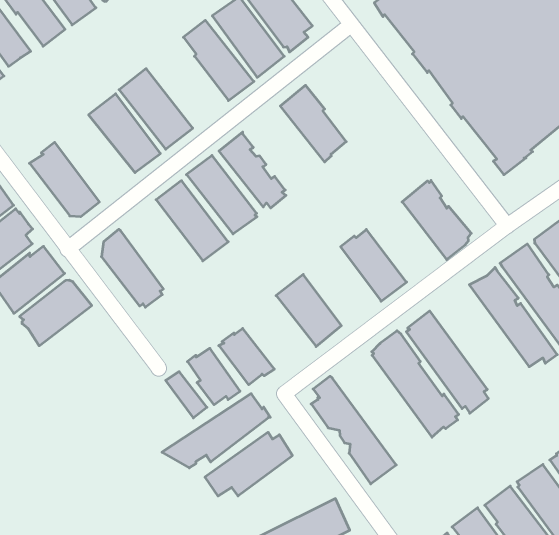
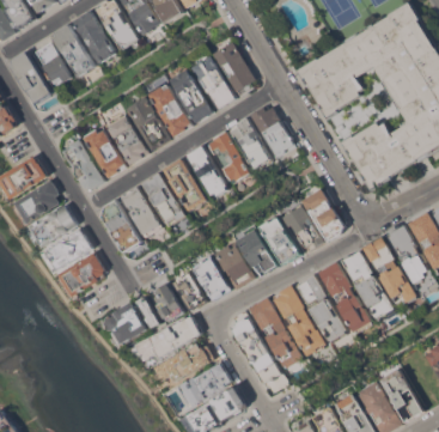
building: none -> [147,84,191,136]
building: none -> [249,105,294,158]
building: none -> [207,130,249,184]
building: none -> [83,126,124,178]
building: none -> [121,187,161,238]
building: none -> [281,205,322,250]
building: none -> [236,229,276,276]
building: none -> [317,261,370,333]
building: none -> [193,255,230,300]
building: none -> [59,252,104,297]
building: none -> [248,297,301,369]
building: none -> [103,302,146,345]
building: none -> [178,363,230,404]

